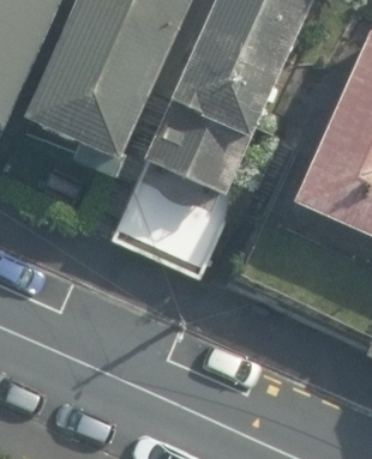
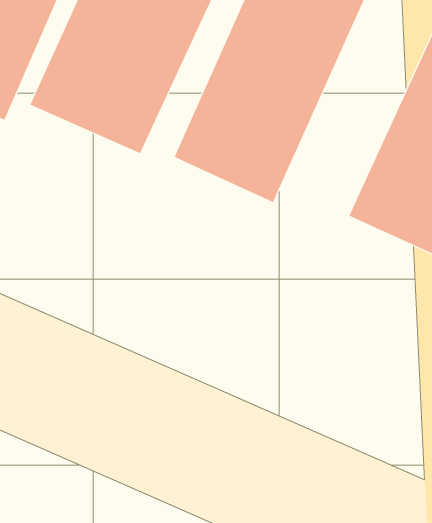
building: [114,156,245,277] -> none

